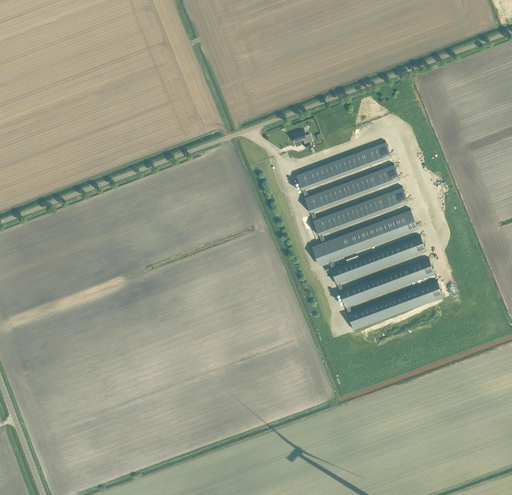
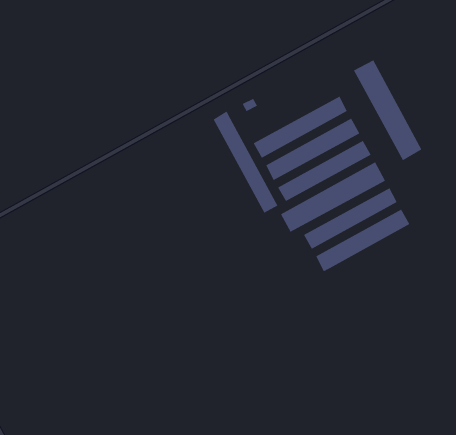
building: none -> [353,59,422,161]
building: none -> [213,111,278,213]
building: [345,282,442,331] -> none

